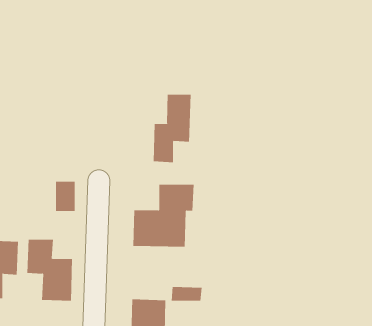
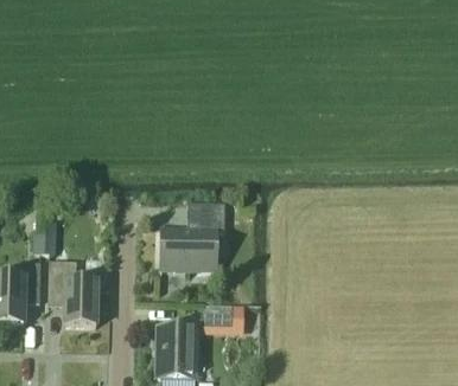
building: [153,94,191,163] -> none
building: [55,181,76,212] -> [36,223,57,255]

